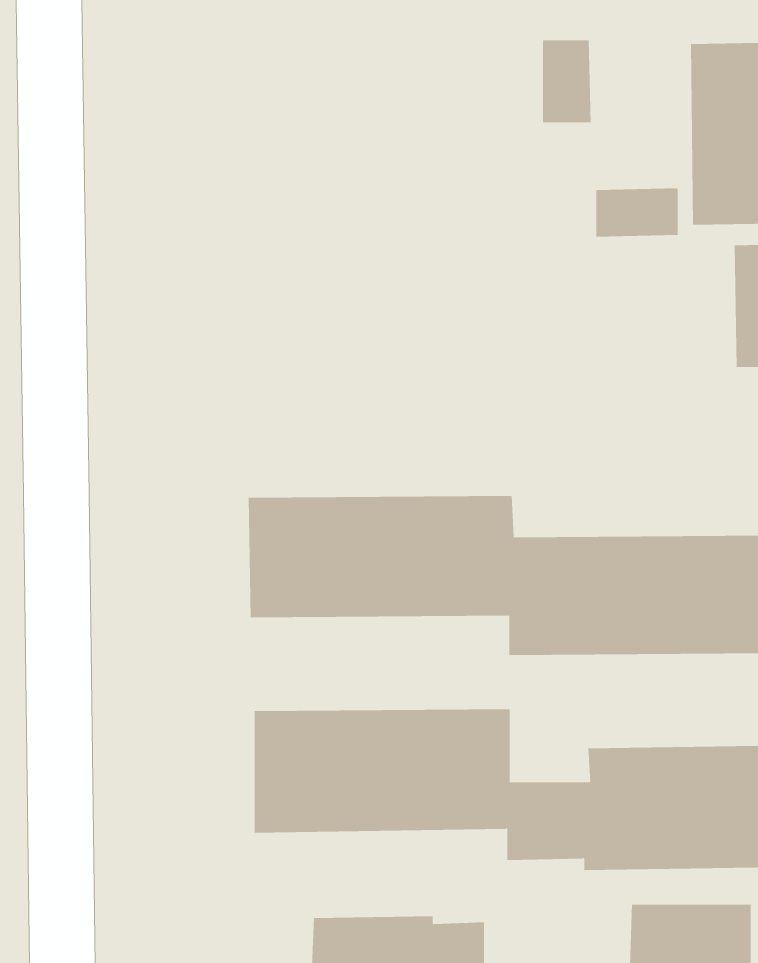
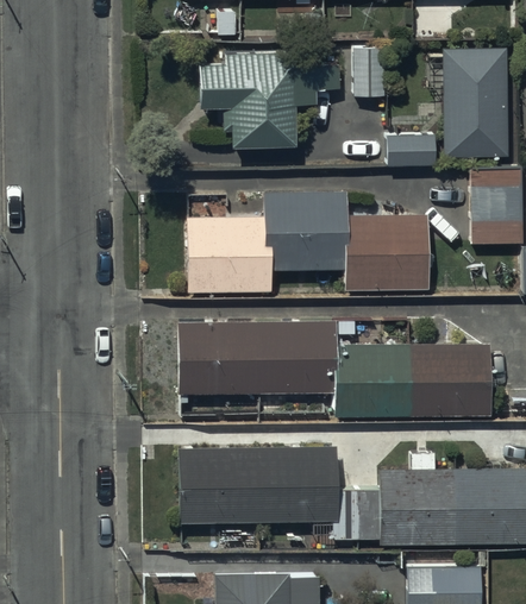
building: none -> [199,50,296,147]
building: none -> [187,190,428,291]

